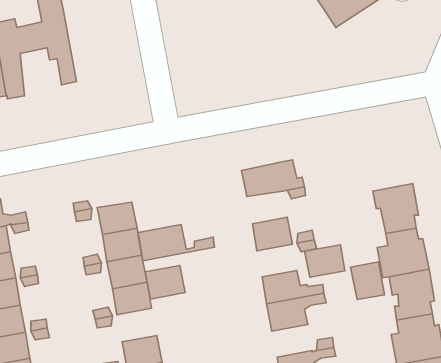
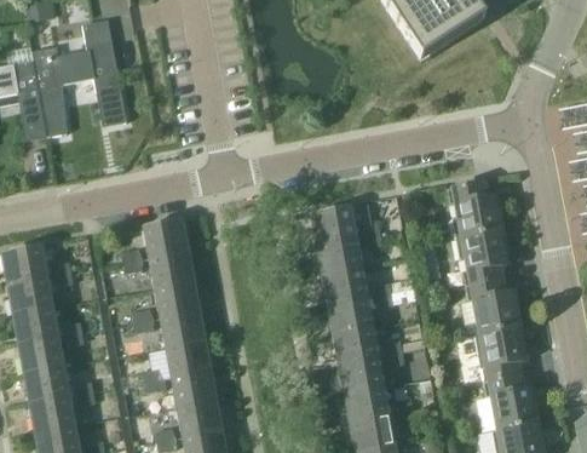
building: none -> [448,182,502,239]
building: none -> [144,220,189,257]
building: none -> [317,239,362,275]
building: [138,224,215,261] -> none
building: [305,245,345,277] -> [328,298,373,334]
building: [351,262,384,300] -> none
building: [145,265,185,299] -> [172,369,217,407]
building: none -> [345,388,390,424]

